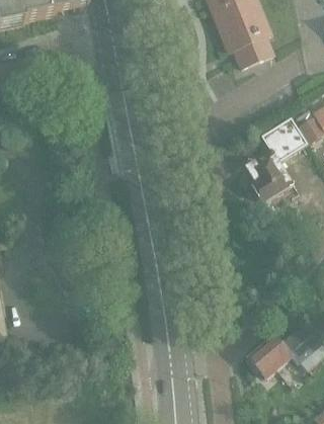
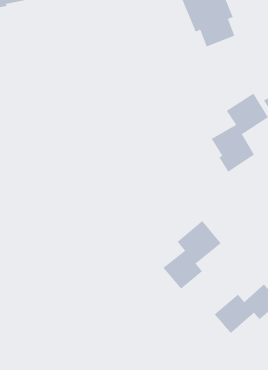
building: none -> [163,220,222,289]

